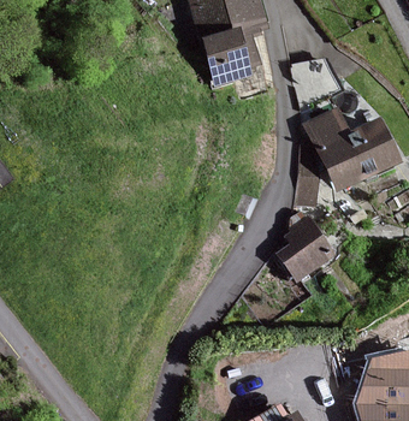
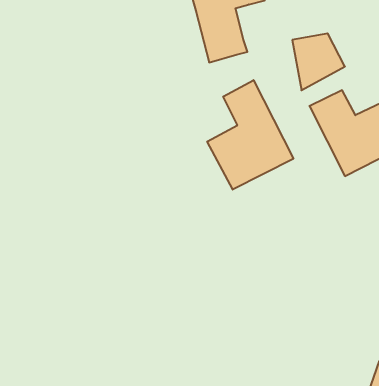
building: none -> [207,80,293,190]
building: [279,220,330,279] -> none

